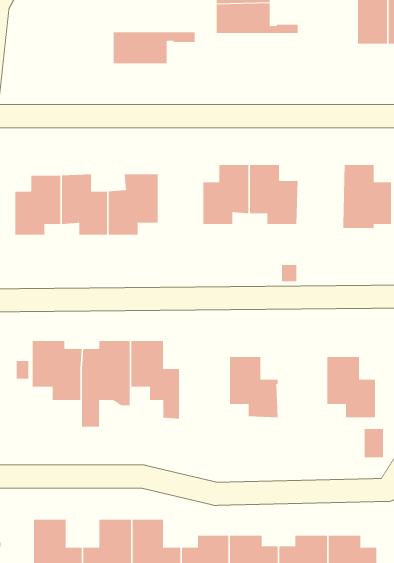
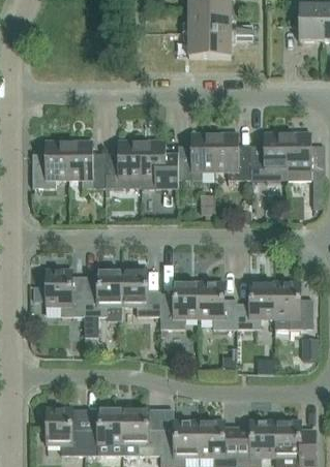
building: [113,32,196,64] -> [188,32,252,57]
building: none -> [251,133,288,180]
building: none -> [144,141,178,187]
building: none -> [160,282,199,329]
building: none -> [236,282,274,330]

